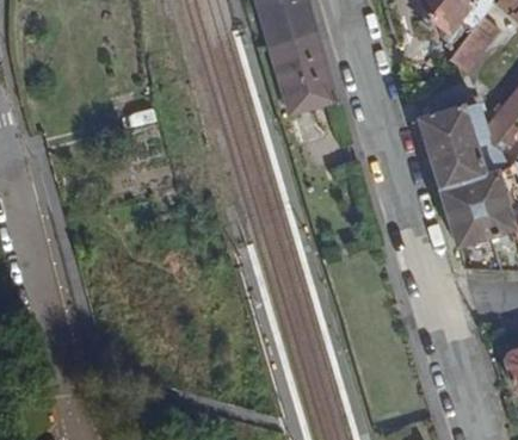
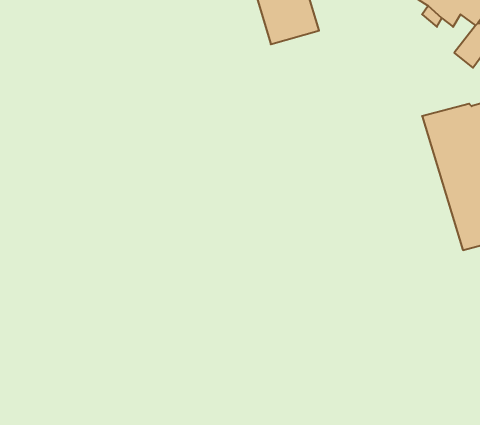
building: [272,35,338,114] -> none

